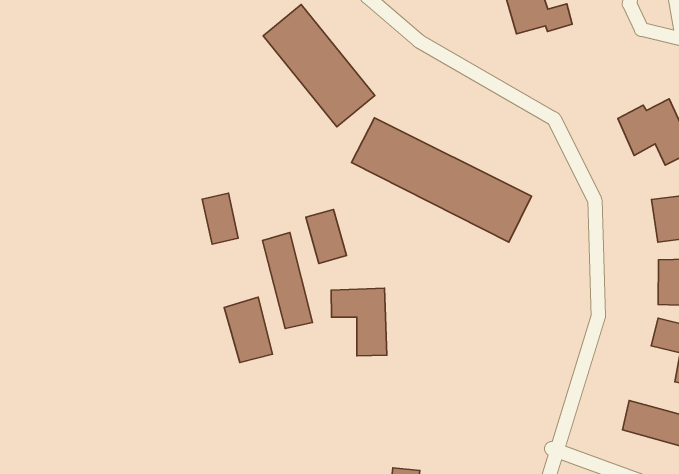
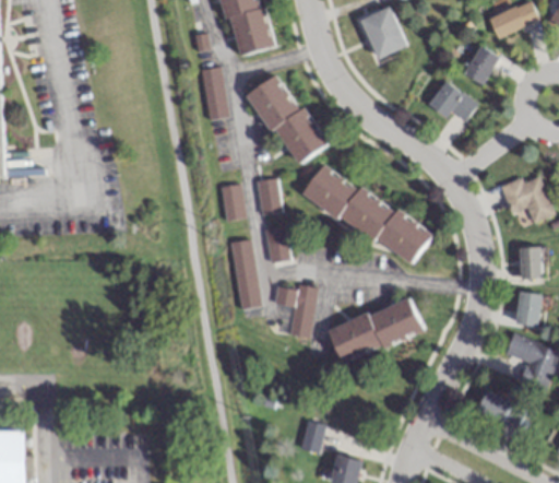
building: none -> [201,68,228,120]
building: none -> [255,178,282,215]
building: [202,193,238,244] -> [222,185,245,221]
building: none -> [329,298,423,364]
building: [224,297,273,363] -> none

